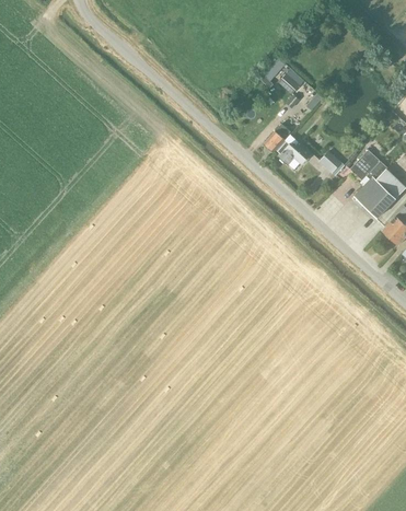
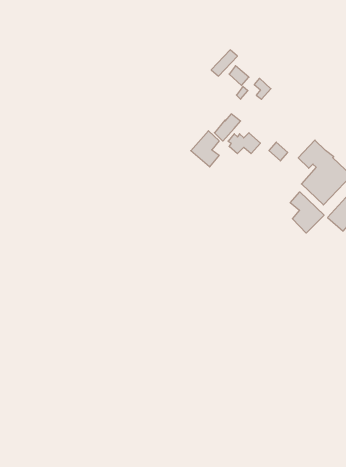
building: none -> [191,131,219,167]
building: none -> [290,192,324,233]

